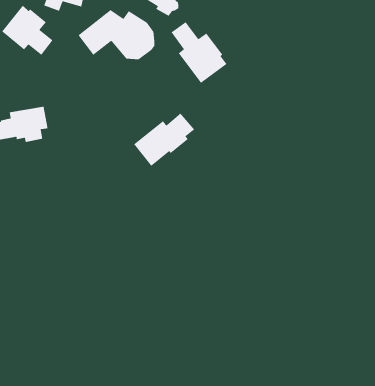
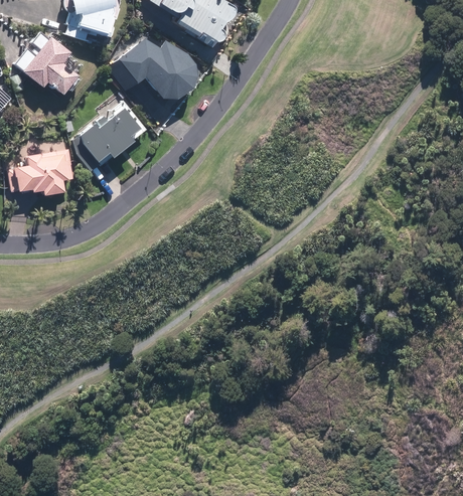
building: [170,21,228,84] -> none
building: [133,112,195,167] -> [69,108,142,171]

